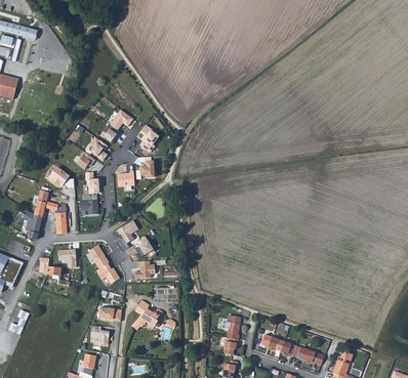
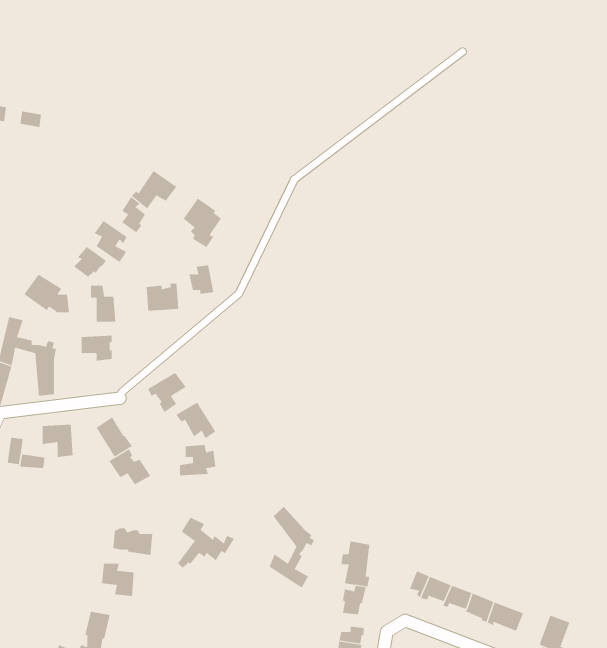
building: none -> [269,506,315,589]

